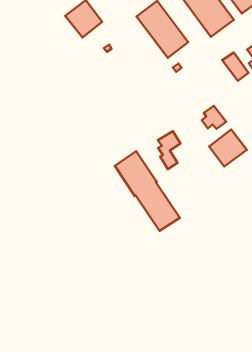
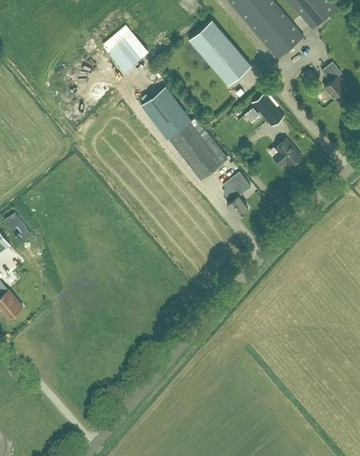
building: [222,52,248,81] -> [252,93,284,126]
building: [209,129,247,167] -> none
building: [115,151,180,231] -> [140,85,221,177]

